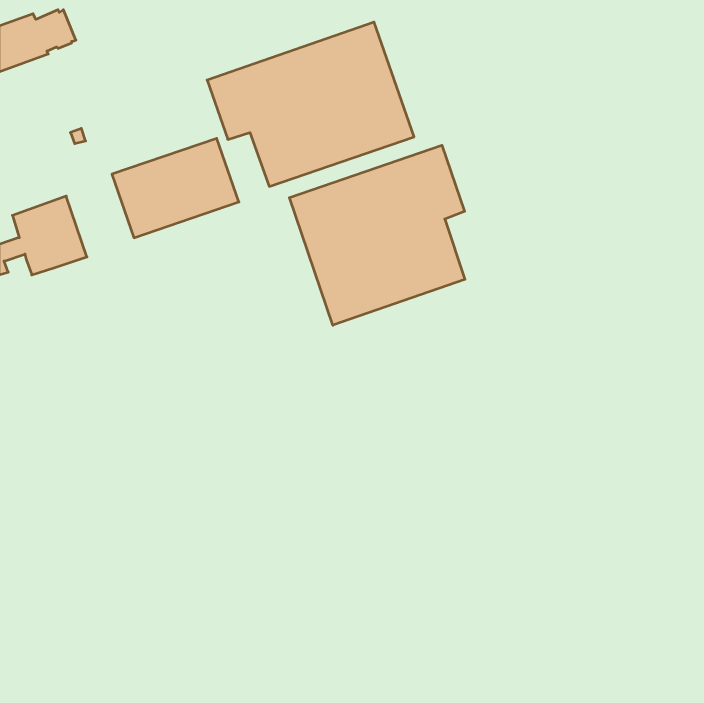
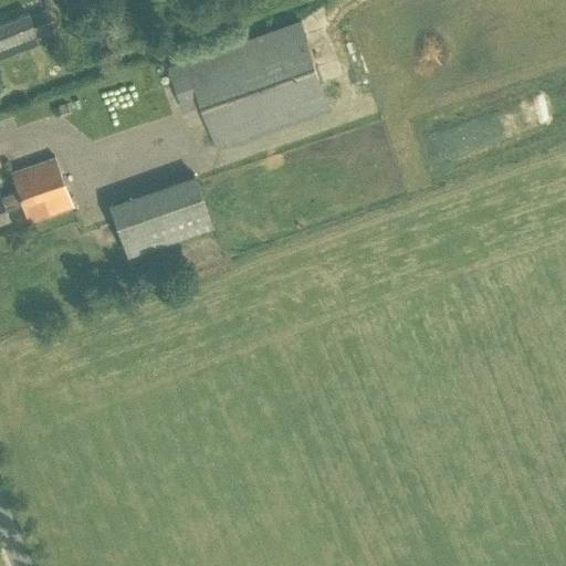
building: [112,138,239,238] -> [108,178,210,258]
building: [289,145,465,325] -> none

